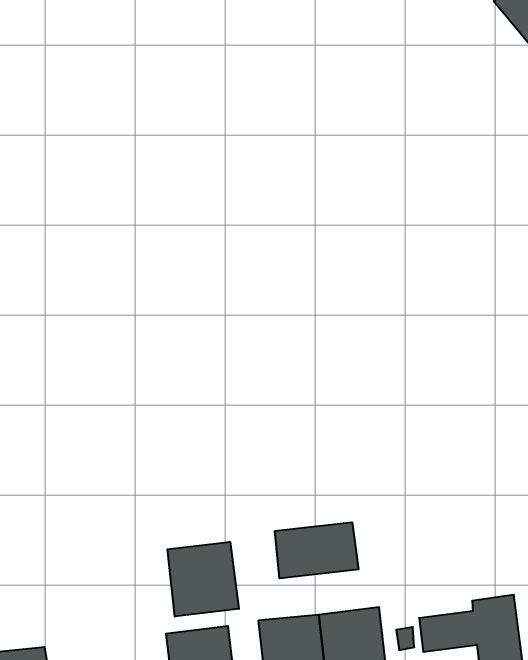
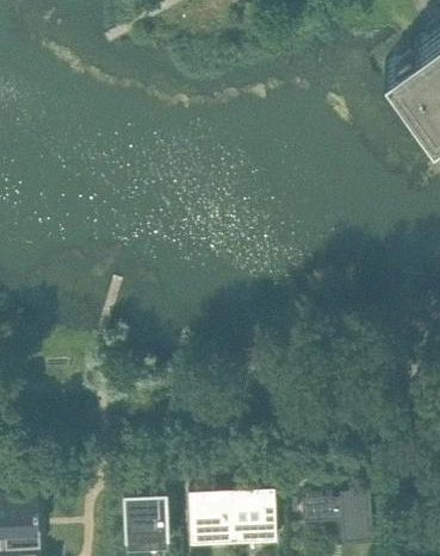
building: [275,522,358,578] -> none
building: [167,542,239,617] -> none

